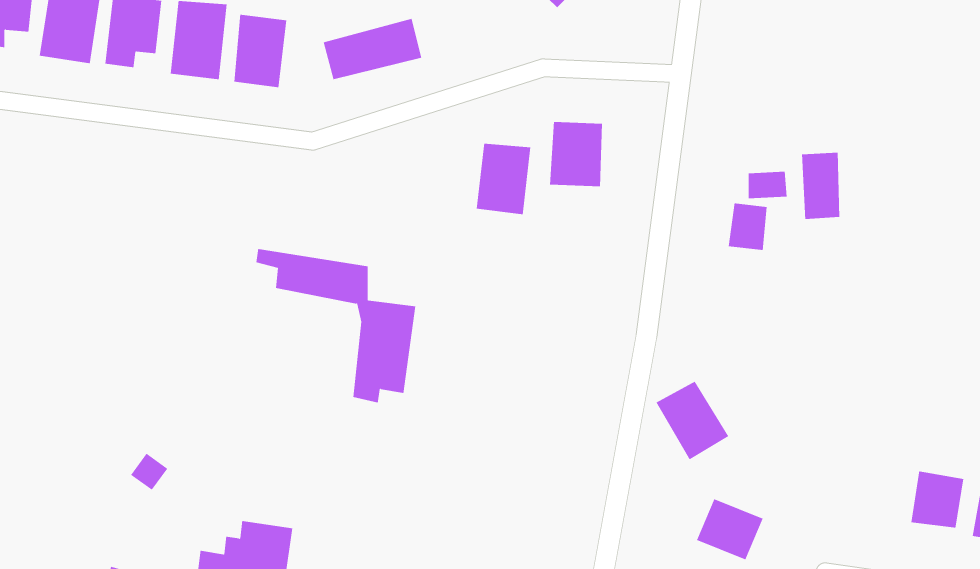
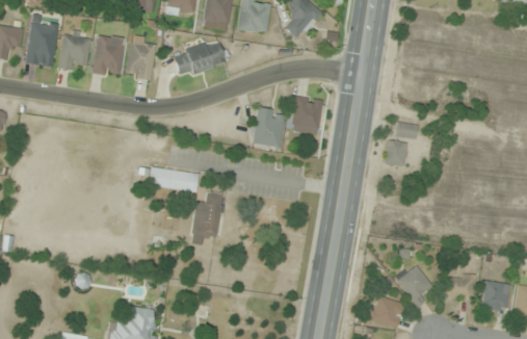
building: [801,152,840,220] -> none
building: [656,381,729,460] -> [397,264,436,306]
building: none -> [448,276,476,297]

